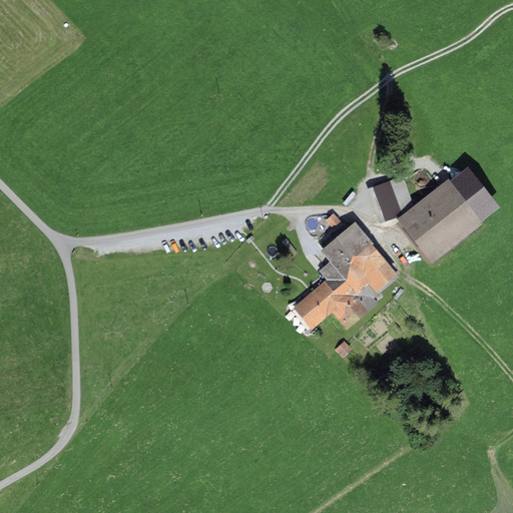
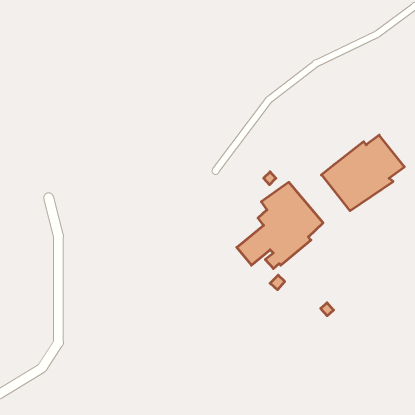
building: [366,174,412,222] -> none

